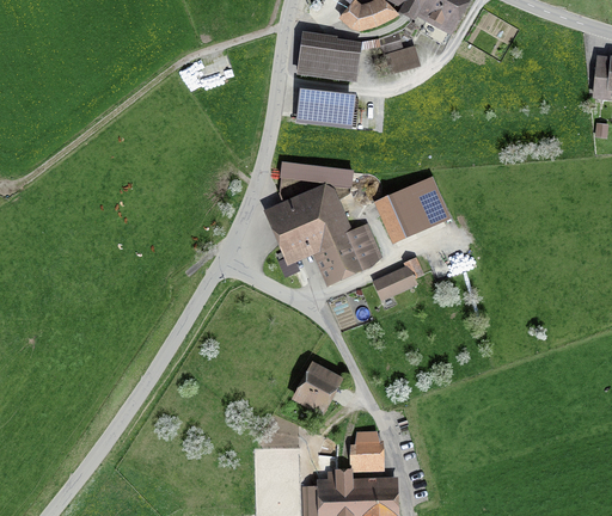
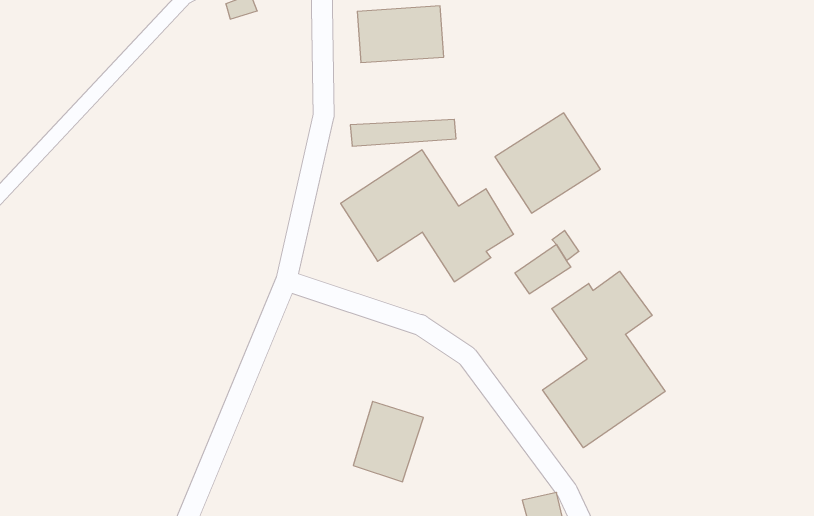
building: none -> [543,271,665,448]
building: [290,362,343,419] -> [353,401,423,482]

